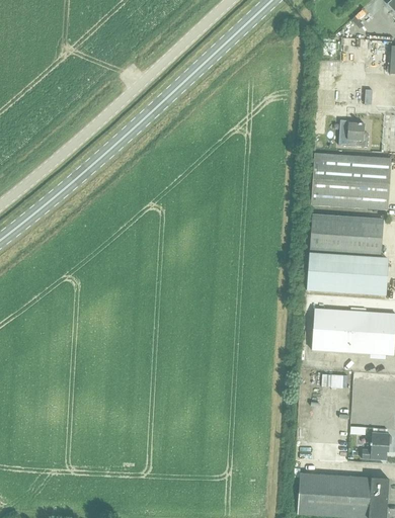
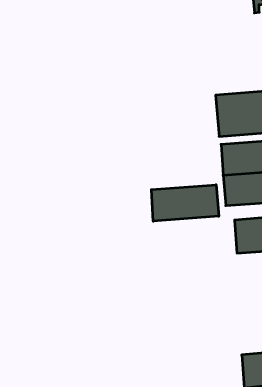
building: [339,119,370,147] -> none
building: none -> [151,185,219,221]

